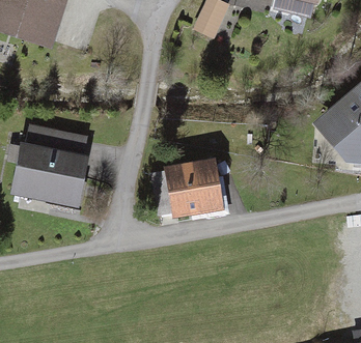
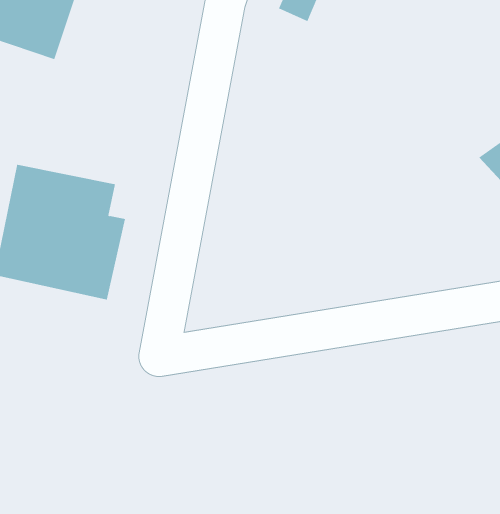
building: [150,162,230,217] -> none

